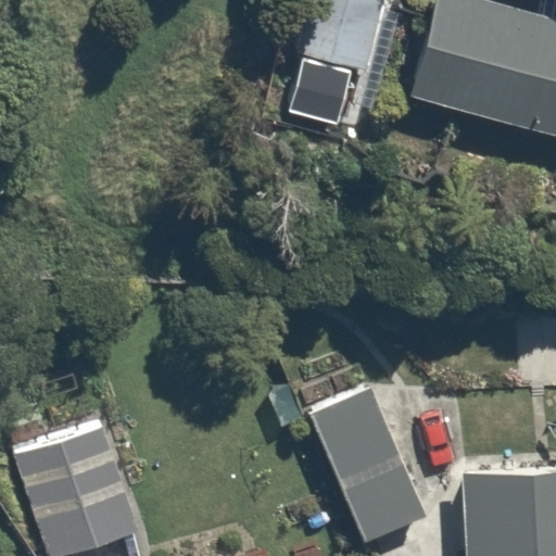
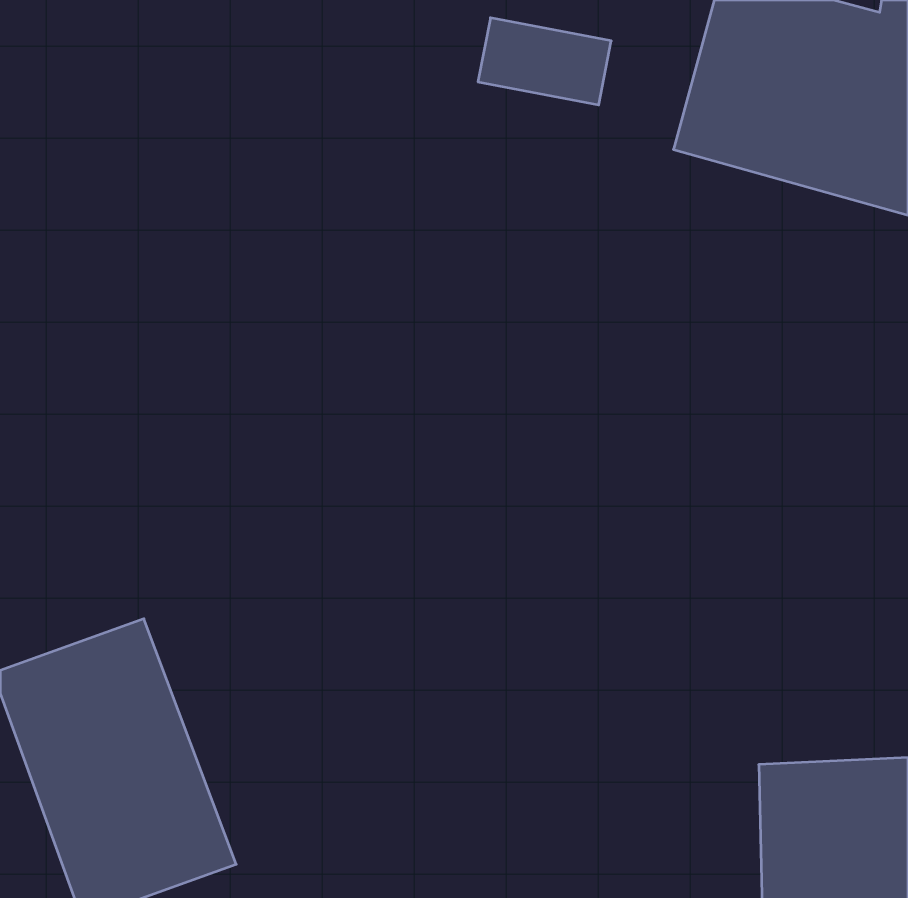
building: [306,383,433,547] -> none

